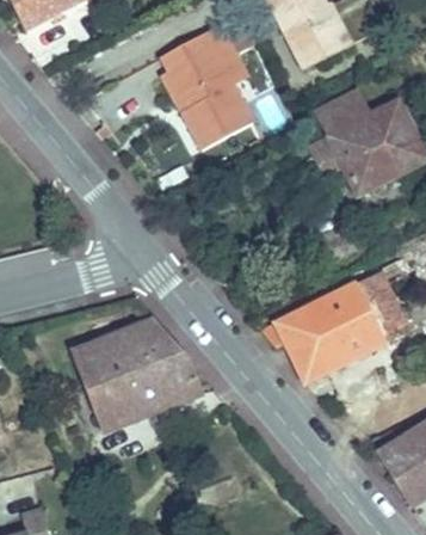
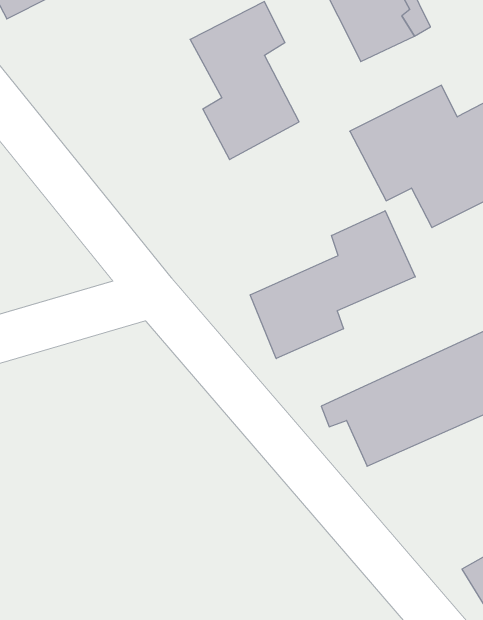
building: none -> [250,211,415,359]
building: [73,316,198,425] -> none

